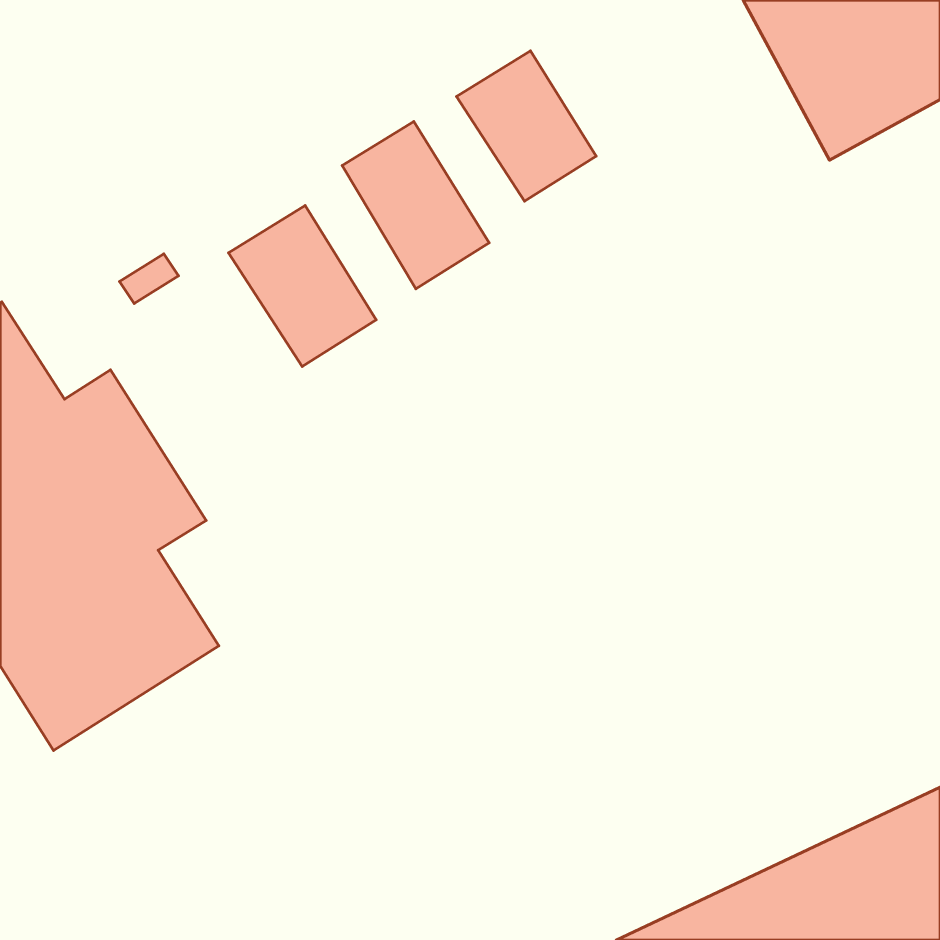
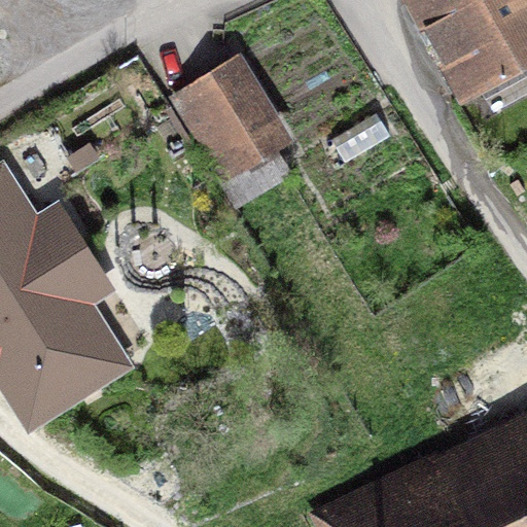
building: [457,51,596,201] -> none
building: [228,205,376,366] -> none

